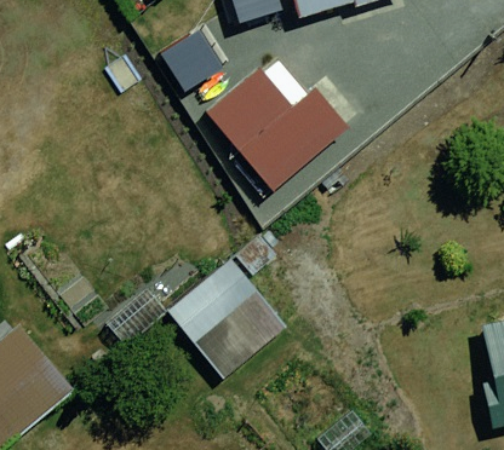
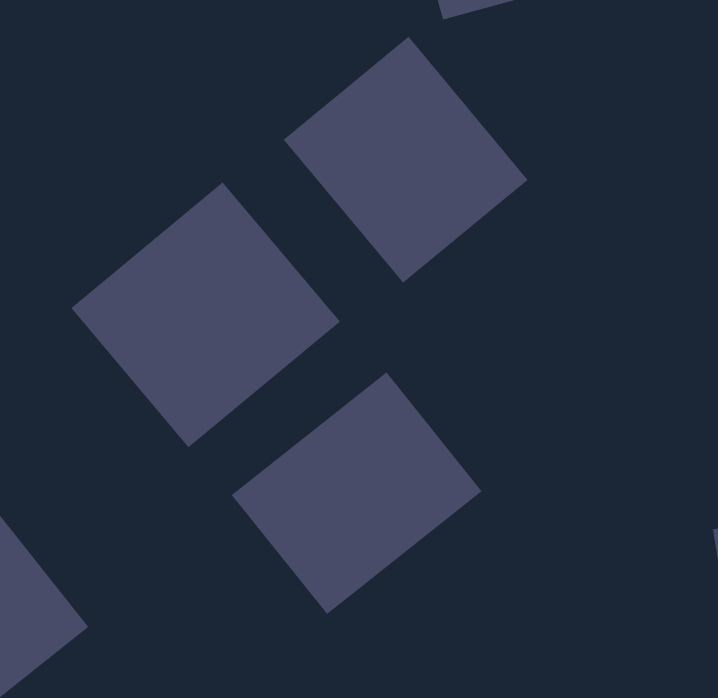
building: none -> [71,181,341,448]

